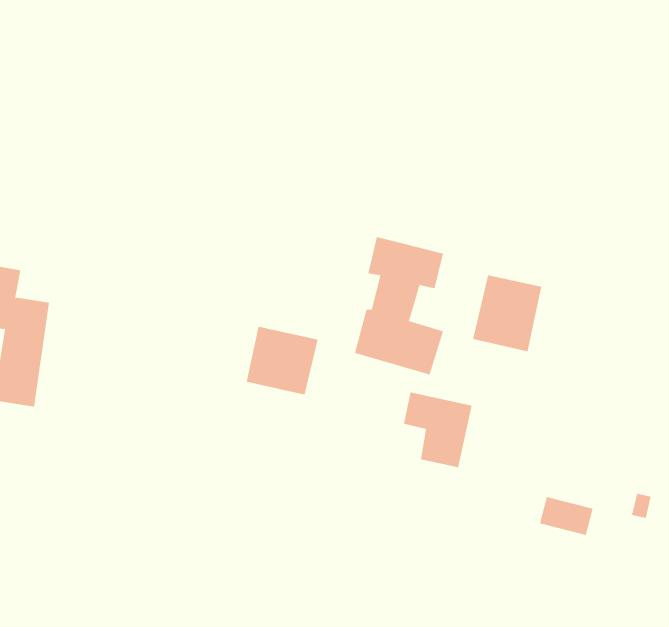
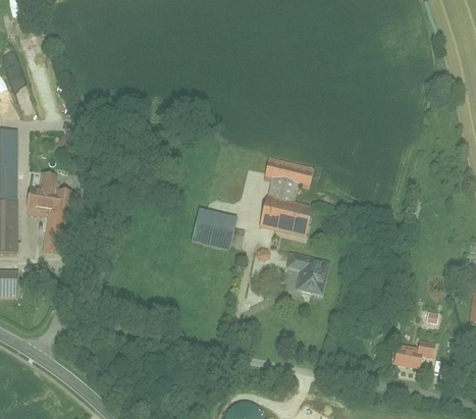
building: [473,275,542,352] -> none
building: [539,497,593,535] -> [392,348,425,371]

